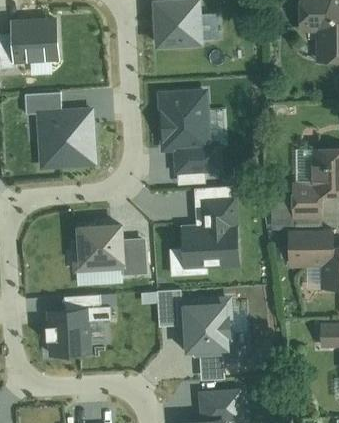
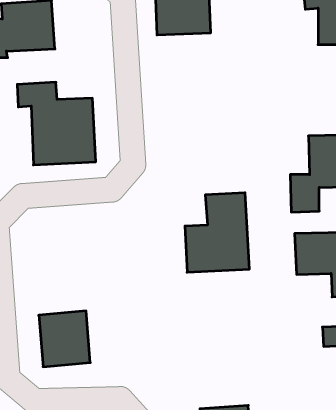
building: [159,89,224,175] -> none
building: [76,223,151,275] -> none
building: [156,296,231,386] -> none

